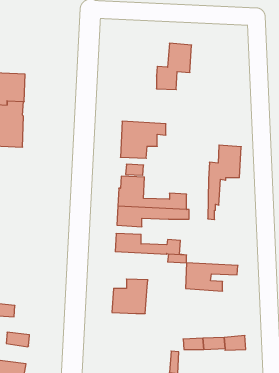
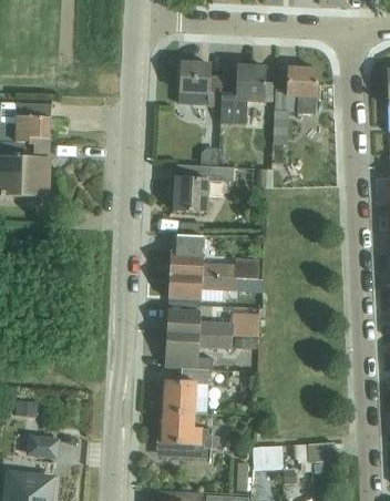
building: none -> [178,61,222,105]
building: [208,145,241,220] -> [274,65,317,162]
building: [186,263,238,291] -> [166,333,234,369]
building: none -> [162,411,220,458]

